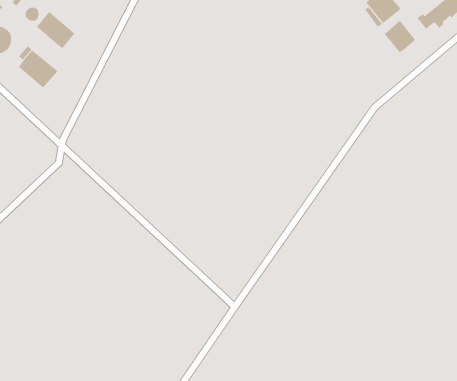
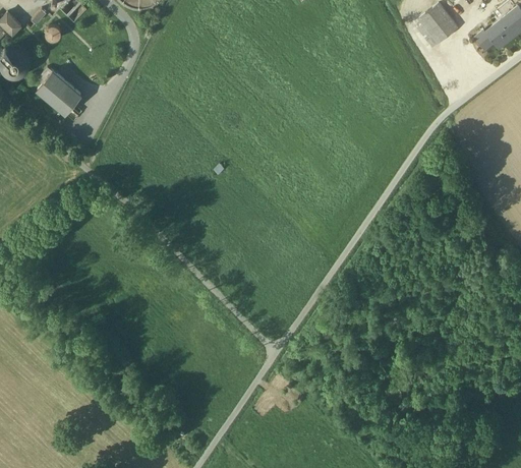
building: [36,11,75,49] -> none
building: [384,20,416,53] -> none

